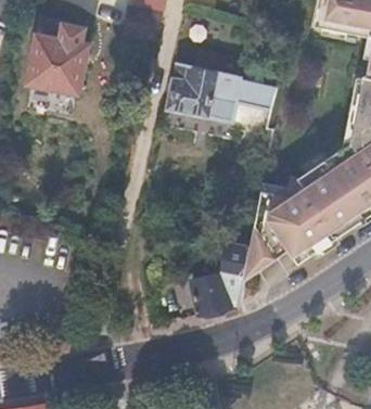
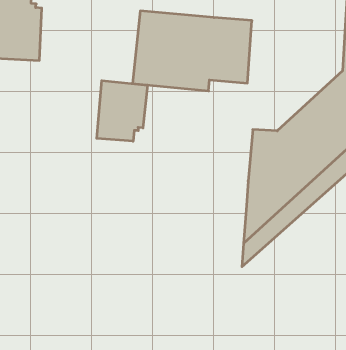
building: none -> [97,81,147,141]
building: [188,245,246,315] -> none

